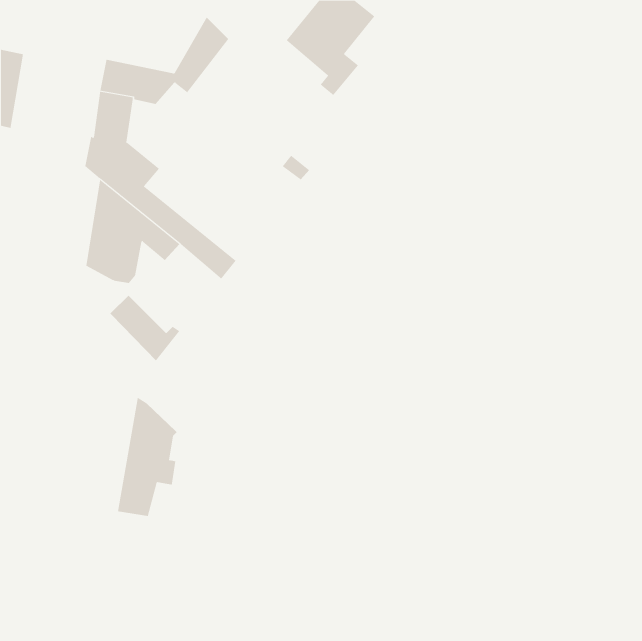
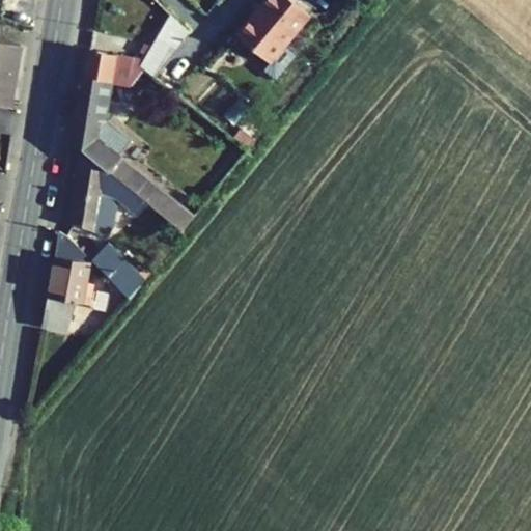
building: [117,397,177,517] -> [43,232,92,331]

